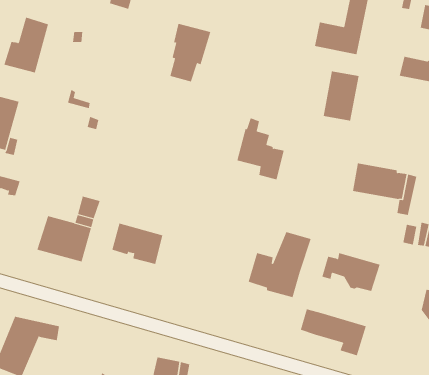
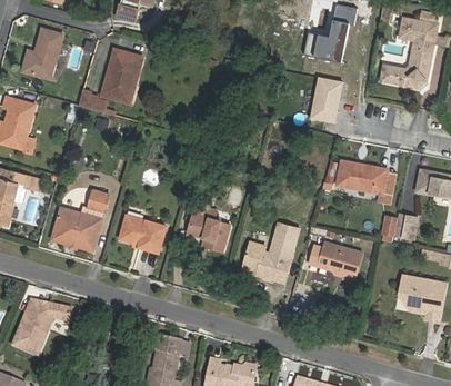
building: [169,23,211,82] -> [106,49,143,102]
building: [237,118,284,180] -> [187,195,230,251]
building: [300,308,367,356] -> none

